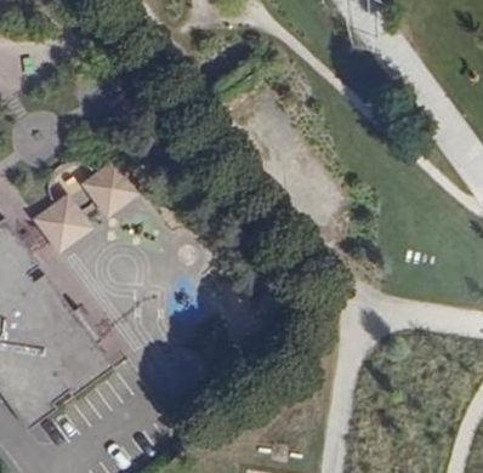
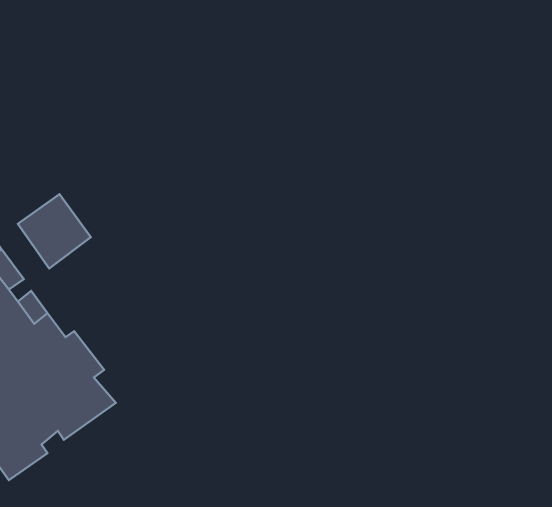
building: [76,160,138,221] -> none

